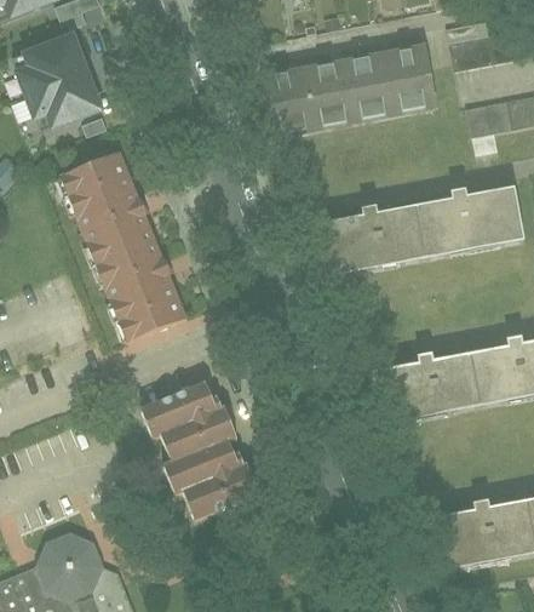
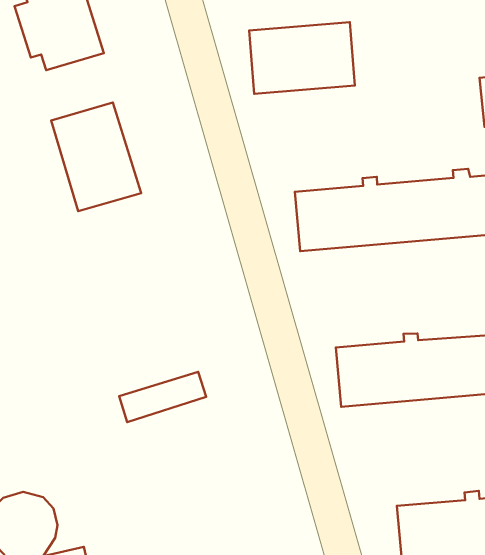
building: [339,46,443,120] -> none
building: [97,239,188,345] -> none
building: [133,378,213,431] -> none
building: [161,435,239,488] -> none
building: [177,465,255,519] -> none

